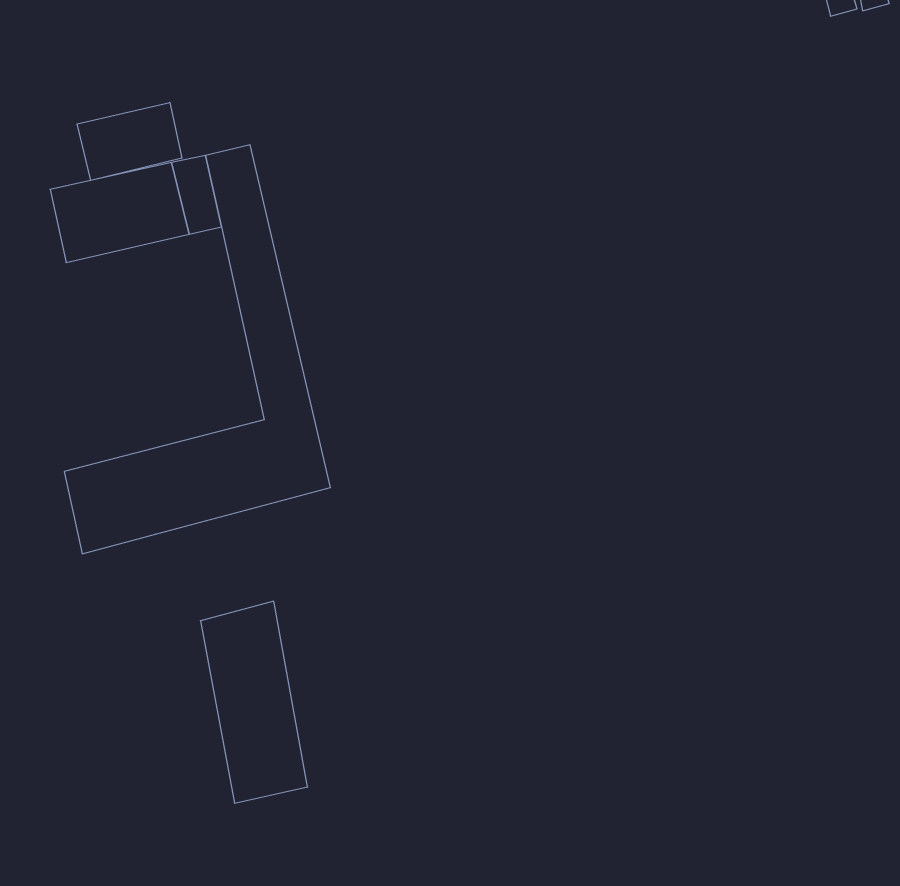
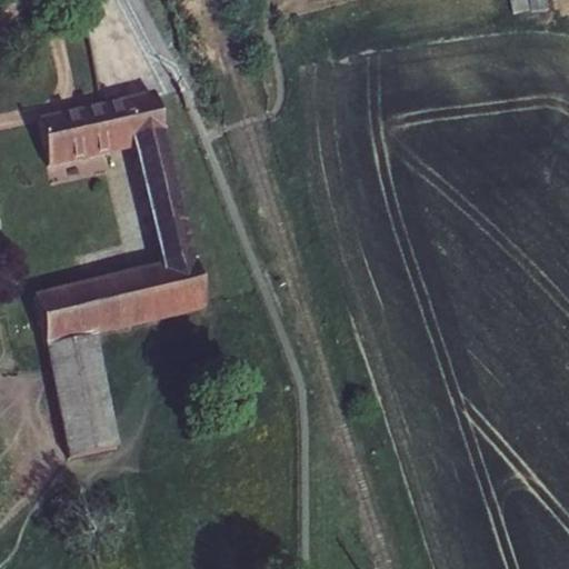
building: [77,102,182,180] -> none
building: [200,601,308,803] -> [51,332,118,458]

